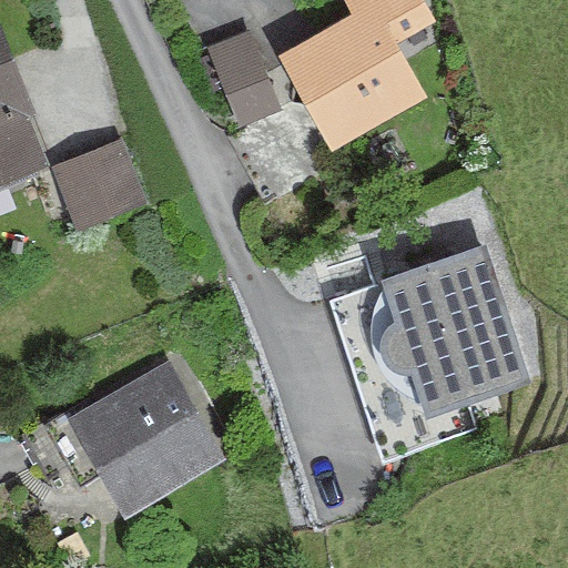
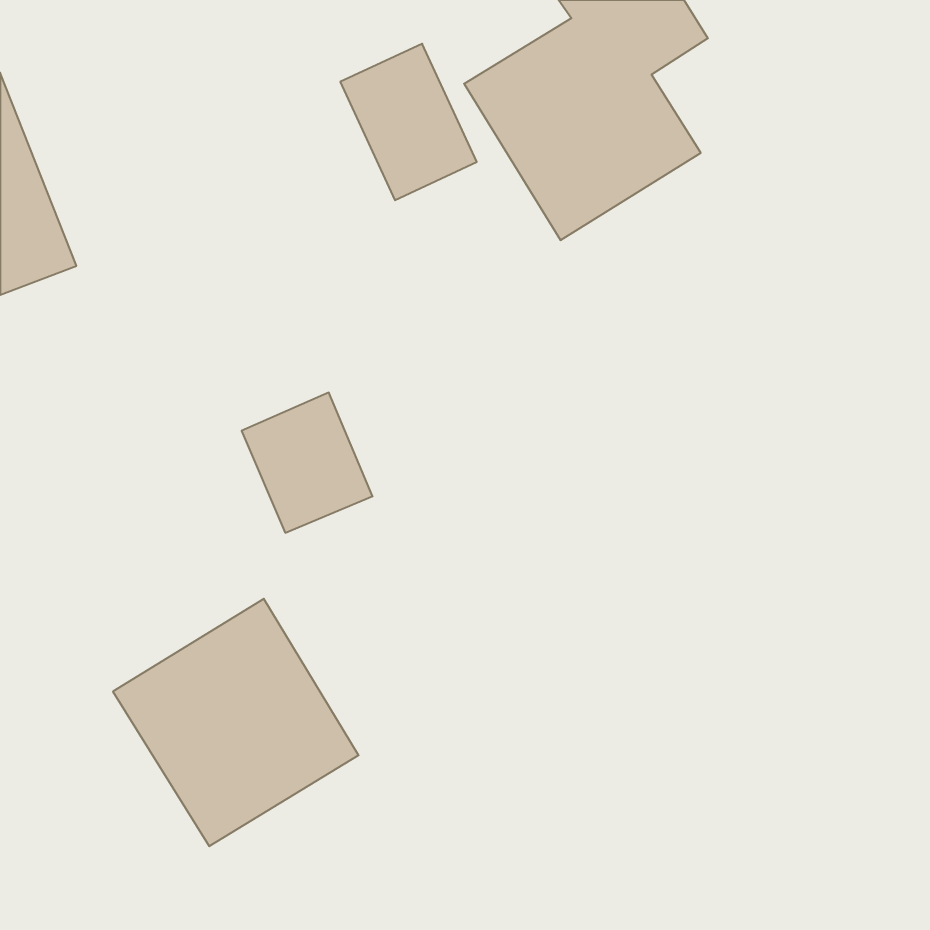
building: [60,144,140,230] -> [242,393,373,533]
building: [386,253,518,413] -> none

